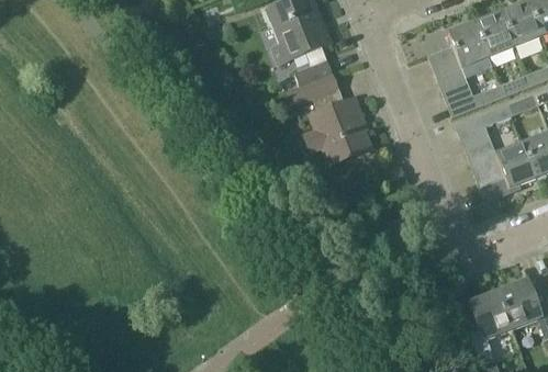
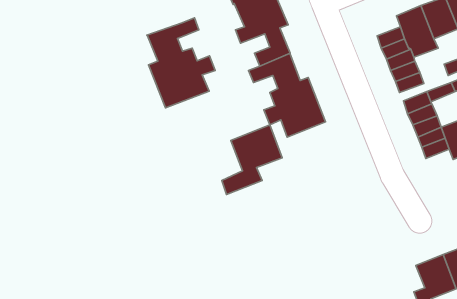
building: none -> [147,18,215,108]
building: none -> [222,125,282,194]

